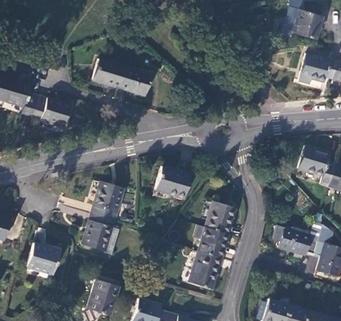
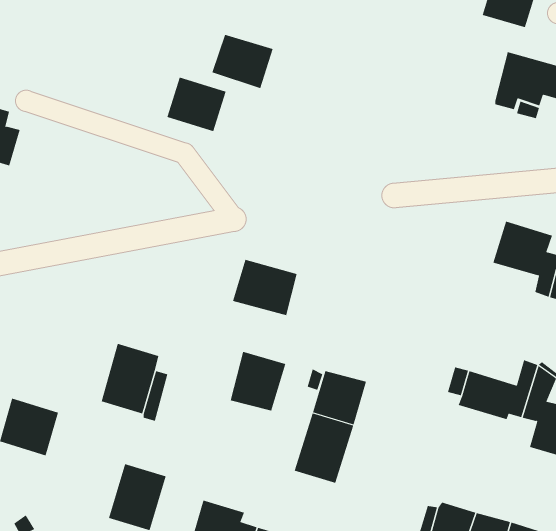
building: [91,58,125,88] -> [212,34,274,89]
building: [32,95,71,127] -> none
building: [91,180,124,219] -> none
building: [205,200,236,233] -> [230,351,286,411]

